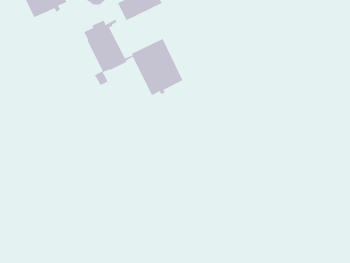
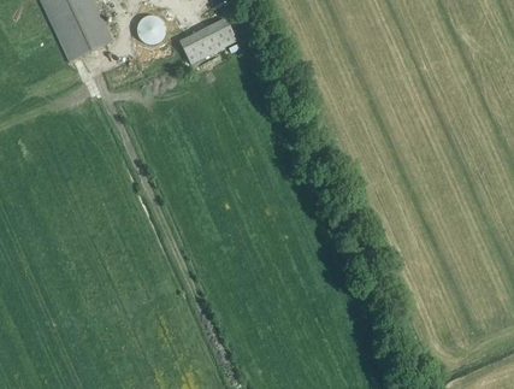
building: [84,19,183,96] -> none

